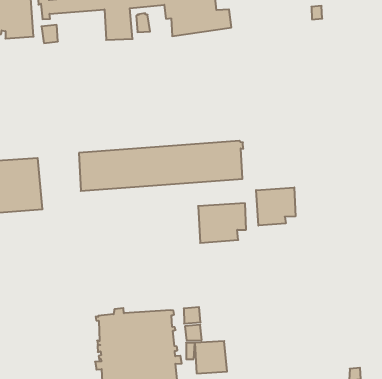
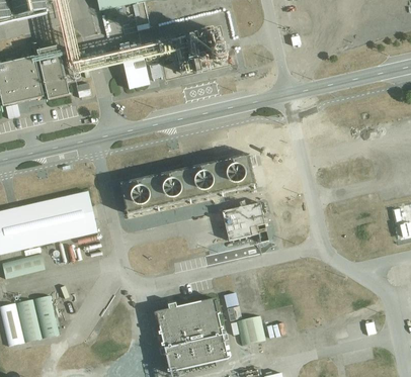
building: [256,187,295,226] -> none

